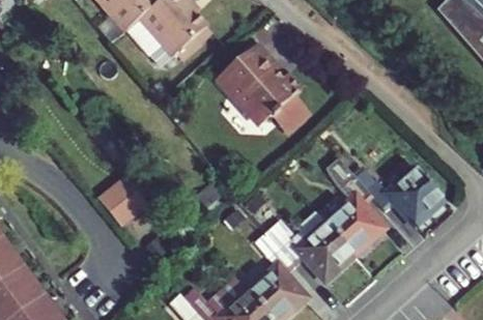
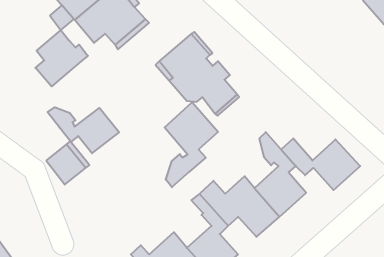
building: none -> [35,30,88,86]
building: none -> [165,102,218,187]
building: none -> [48,107,119,153]

